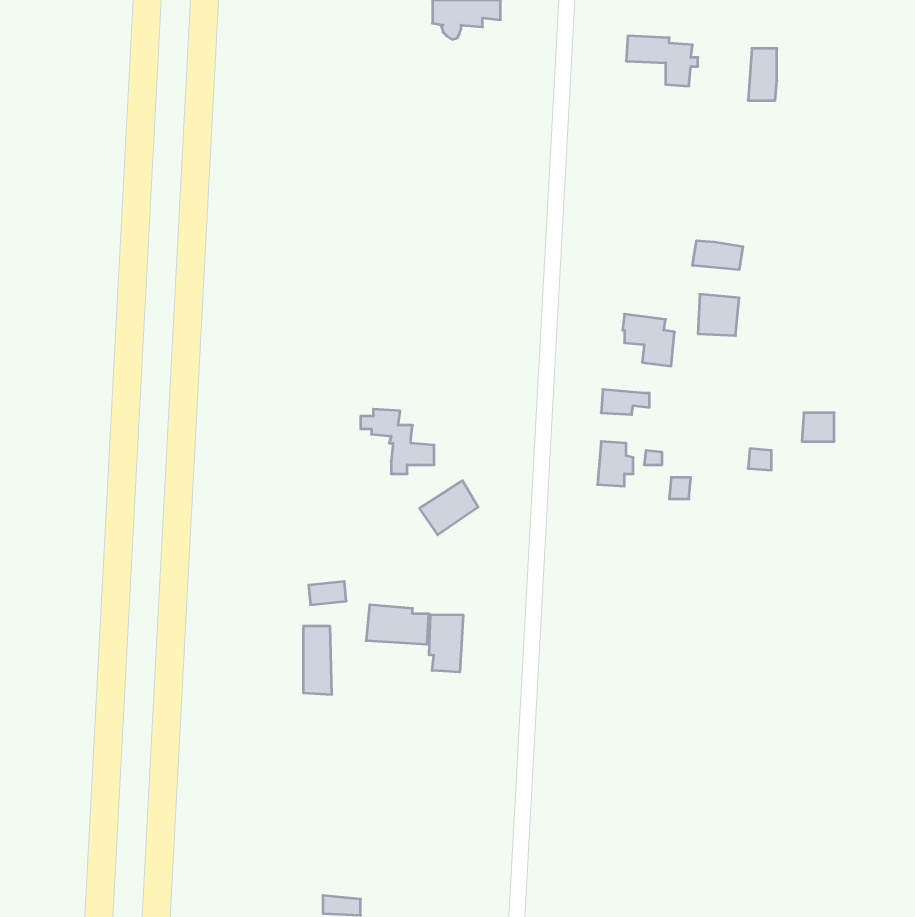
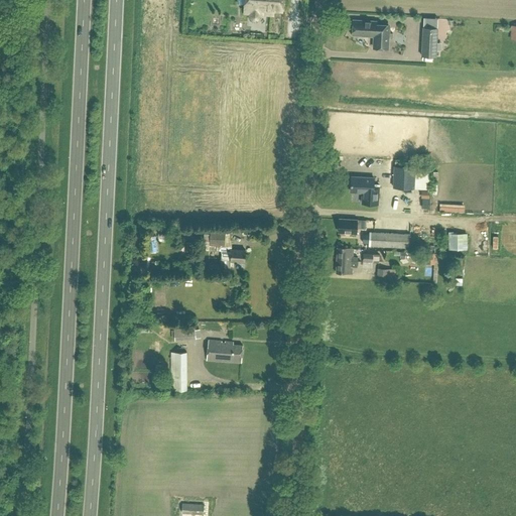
building: [693,241,743,270] -> none
building: none -> [368,232,408,247]
building: [420,481,478,535] -> none
building: [429,614,463,672] -> none

